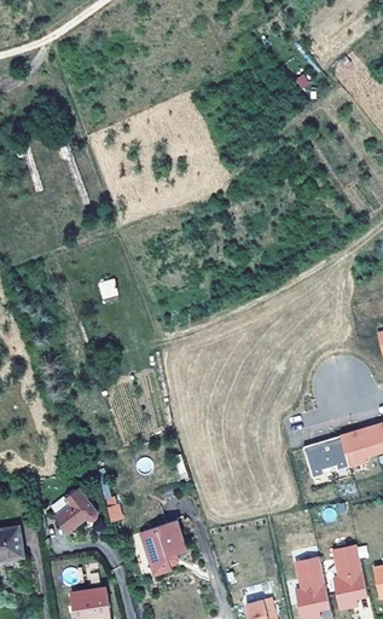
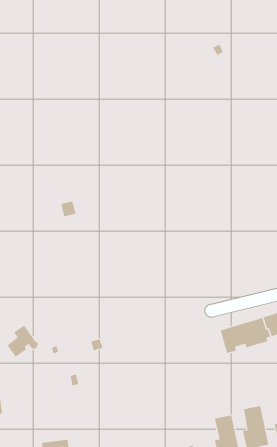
building: [57,490,98,532] -> [7,325,38,358]
building: [140,521,186,573] -> none

